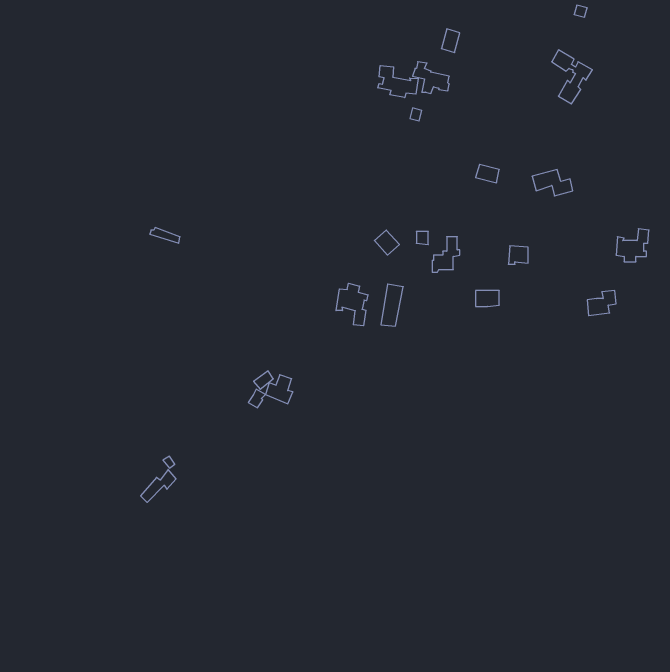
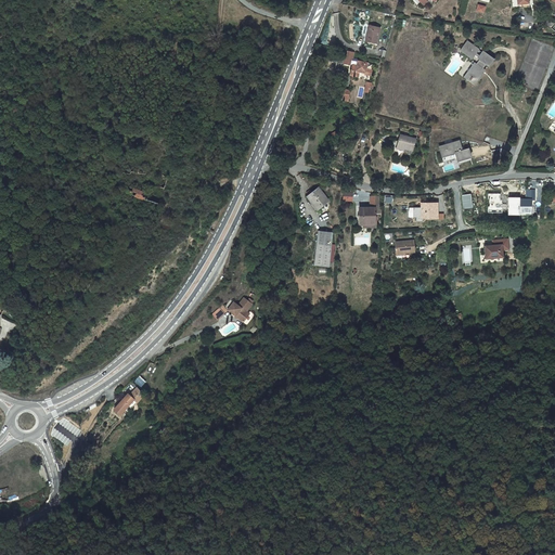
building: [378,66,418,98] -> none
building: [336,283,368,326] -> none

